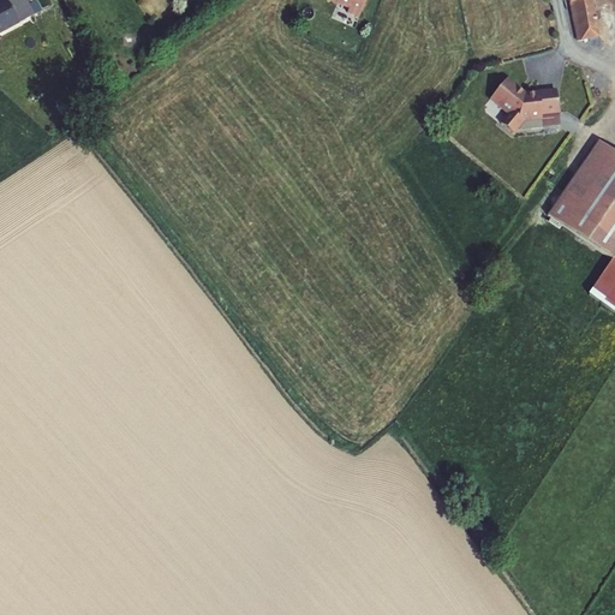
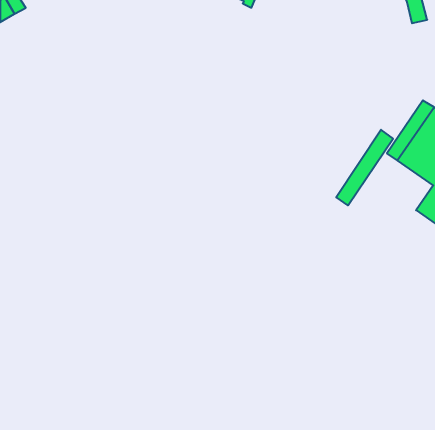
building: [496,76,566,130] -> none
building: none -> [336,130,393,205]

